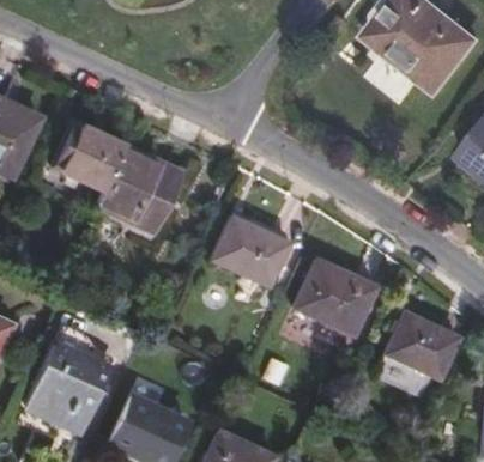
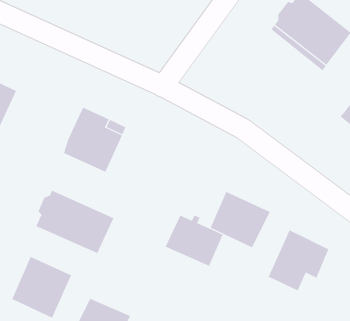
building: [53,124,122,189] -> none
building: [214,207,294,276] -> [165,215,224,266]
building: none -> [35,190,114,254]

